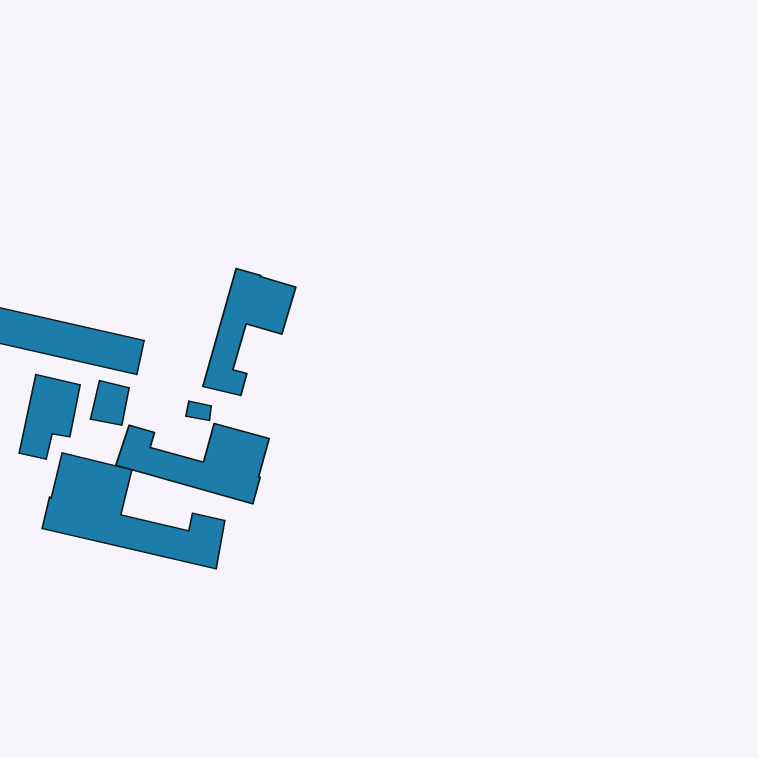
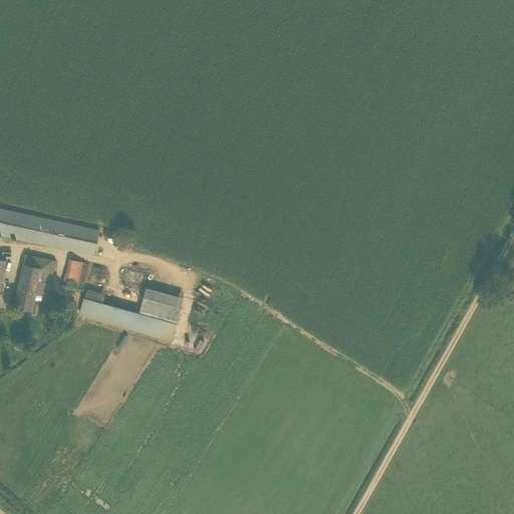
building: [203,268,296,396] -> none
building: [42,453,225,569] -> none

